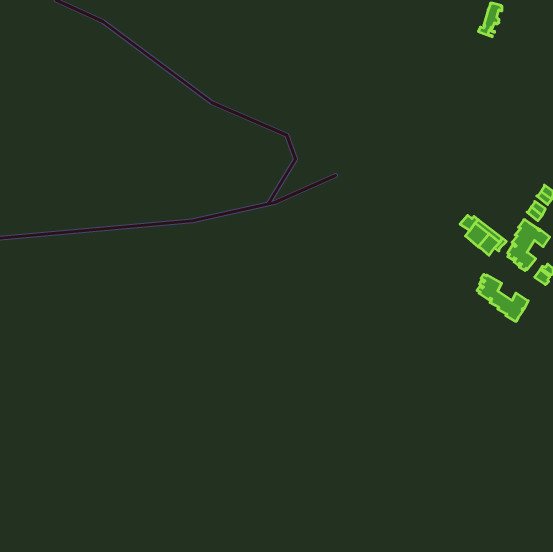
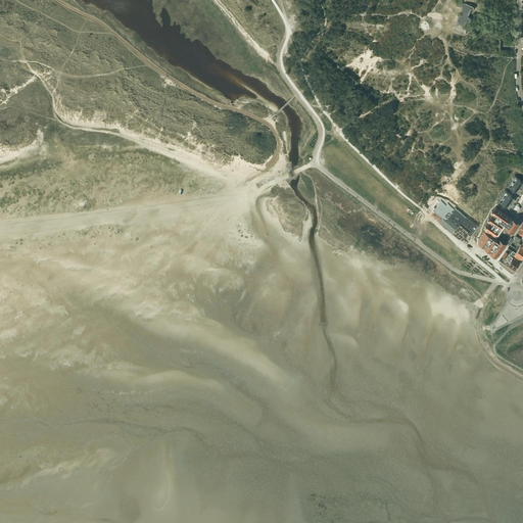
building: [477,274,528,321] -> none

